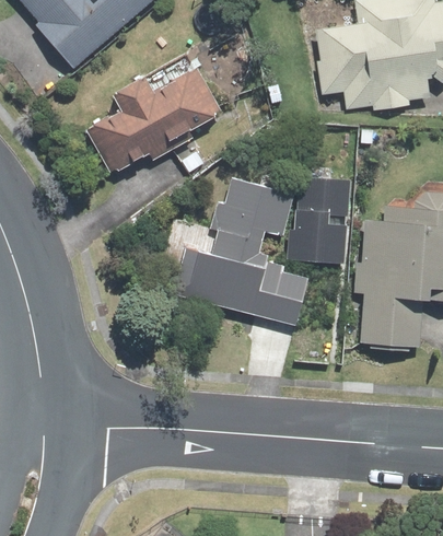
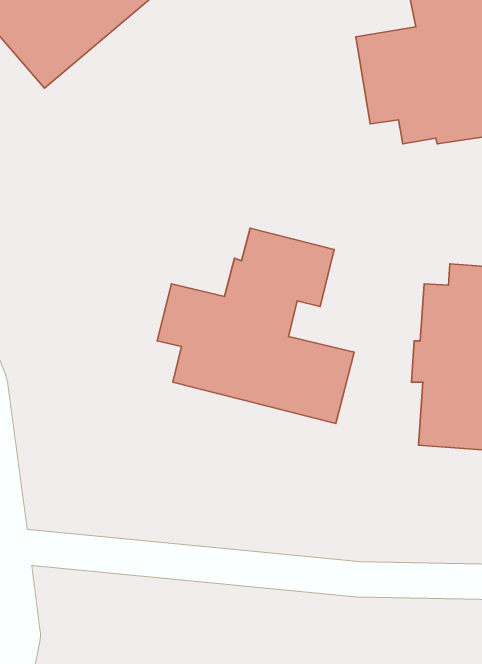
building: [85,50,222,175] -> none
building: [285,166,351,265] -> none

